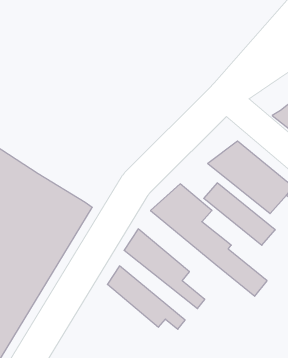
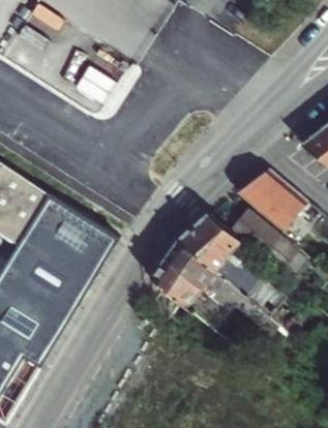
building: [107,266,185,329] -> [166,240,244,304]

